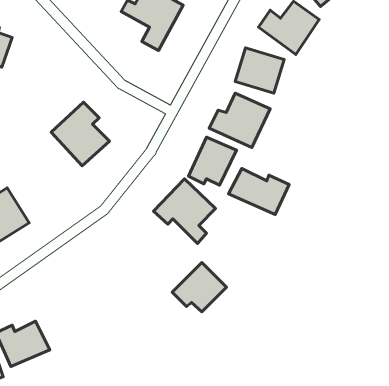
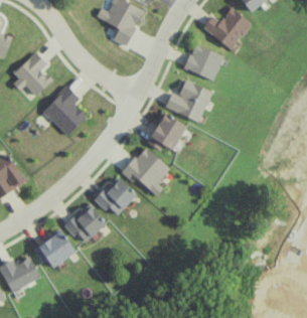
building: none -> [12,51,52,96]
building: [229,169,289,214] -> none
building: none -> [63,203,106,242]
building: [172,262,227,312] -> [94,176,136,214]
building: none -> [32,230,75,268]

